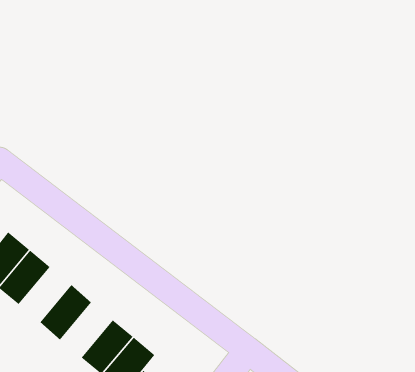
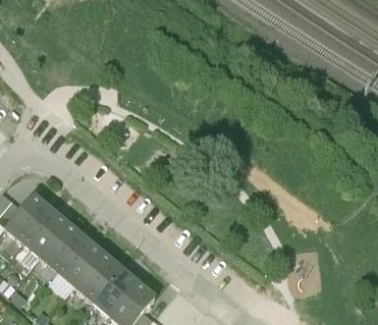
building: none -> [41,226,85,272]
building: none -> [75,256,119,302]

